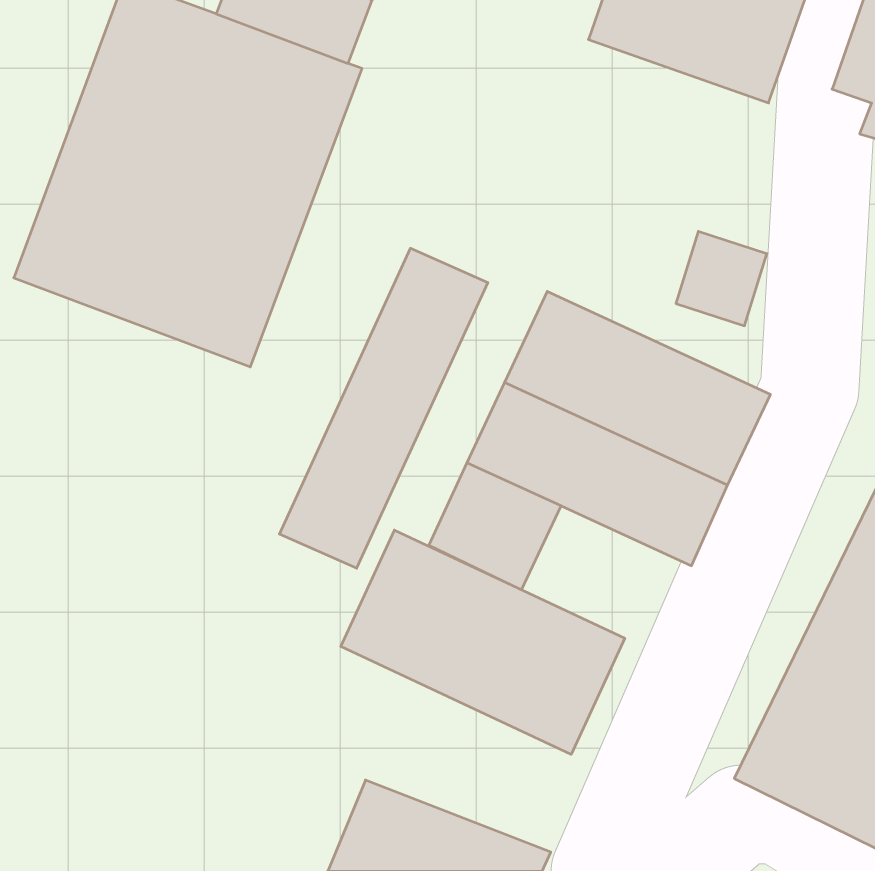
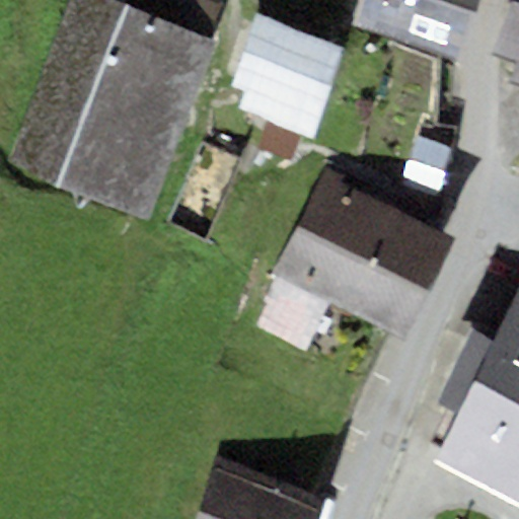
building: none -> [233,12,345,136]
building: [279,248,488,568] -> none
building: [341,530,625,754] -> none

